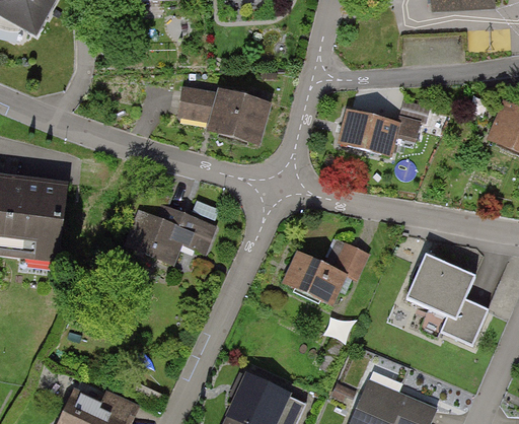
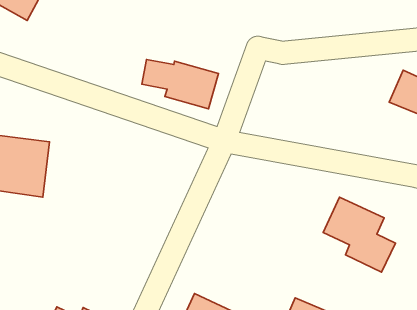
building: [338,98,427,156] -> none
building: [132,189,215,261] -> none
building: [278,236,372,308] -> none

